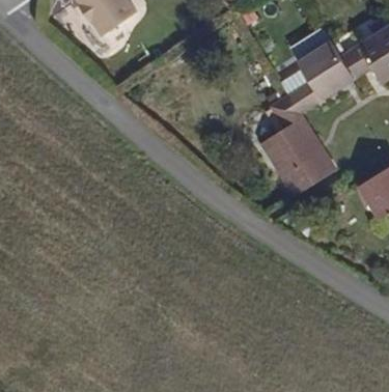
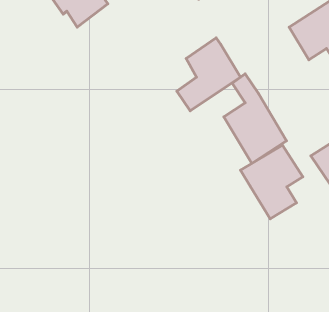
building: [285,35,356,116] -> [177,38,241,111]
building: none -> [240,145,303,219]

